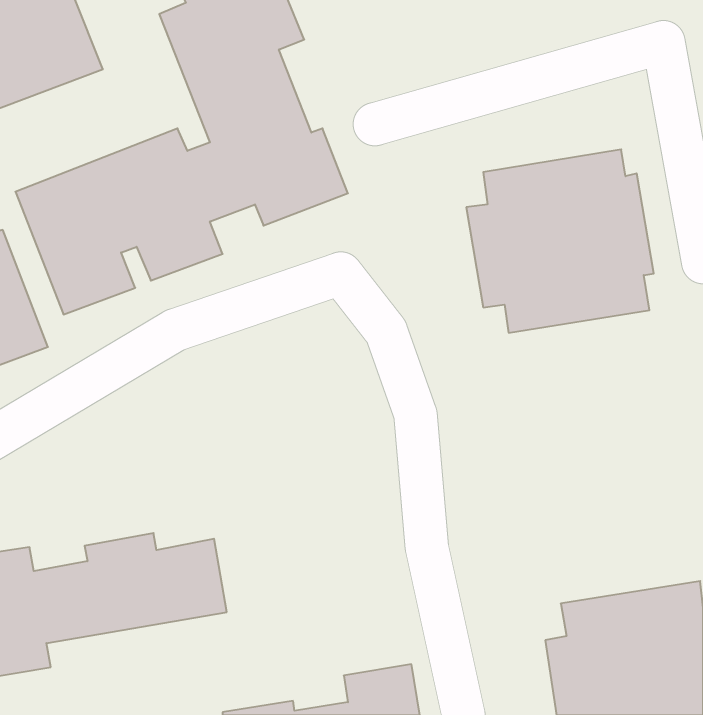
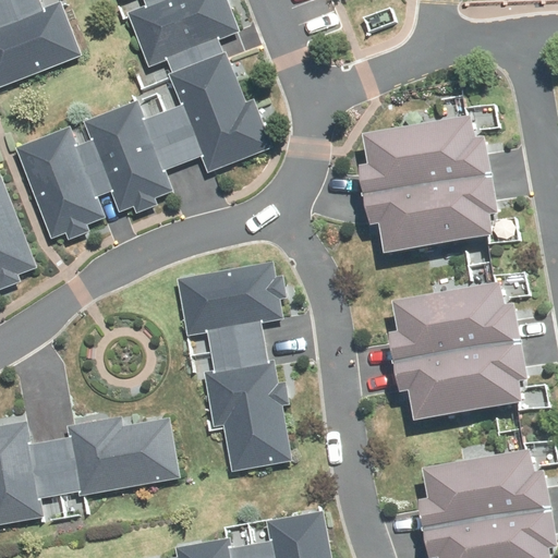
building: none -> [174,262,291,470]
building: none -> [389,282,533,425]

